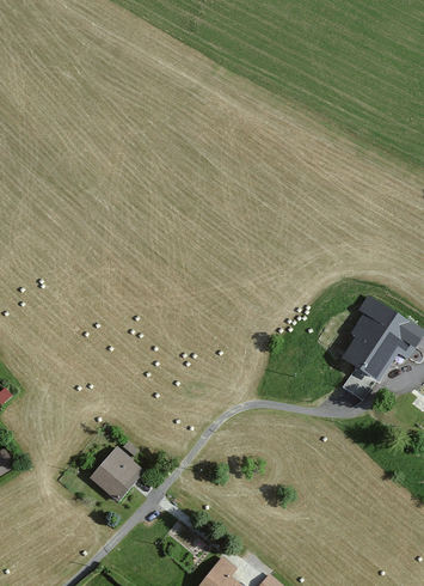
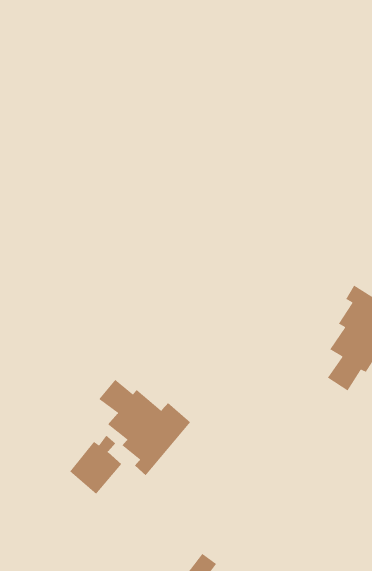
building: none -> [98,379,191,476]

